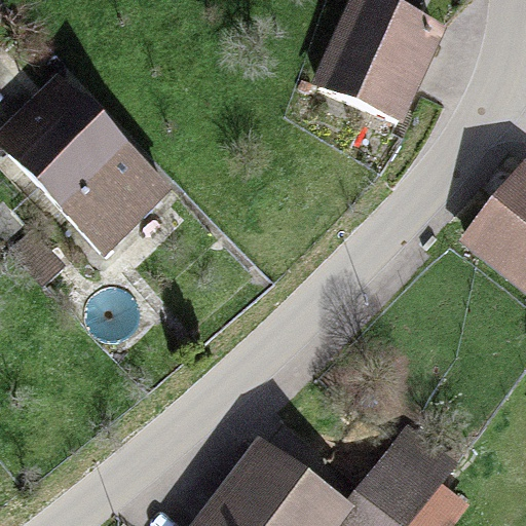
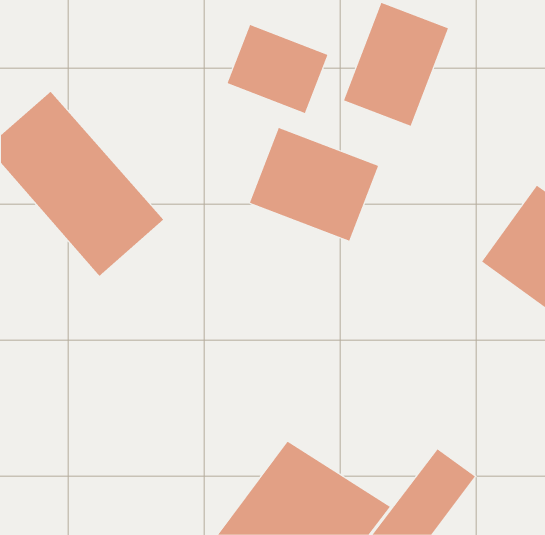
building: none -> [227,24,328,114]
building: none -> [249,127,379,242]

